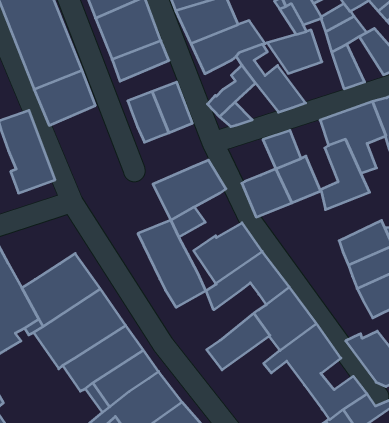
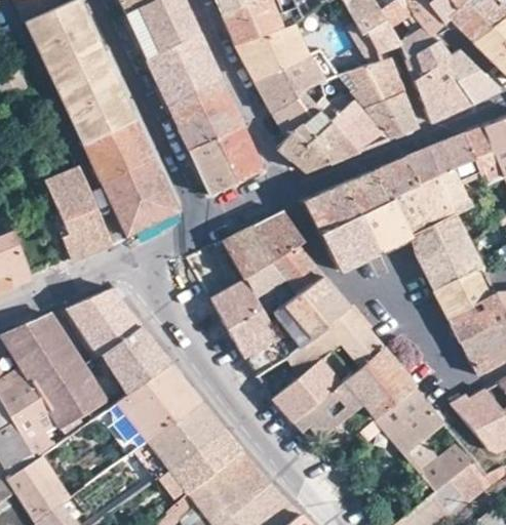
building: none -> [430,60,473,111]
building: none -> [273,91,314,137]
building: none -> [179,100,242,149]
building: none -> [365,91,418,137]
building: none -> [309,120,358,161]
building: none -> [103,156,178,235]
building: none -> [373,157,430,235]
building: none -> [305,183,359,233]
building: none -> [418,234,481,290]
building: none -> [271,245,325,295]
building: none -> [67,287,141,355]
building: none -> [273,351,350,421]

